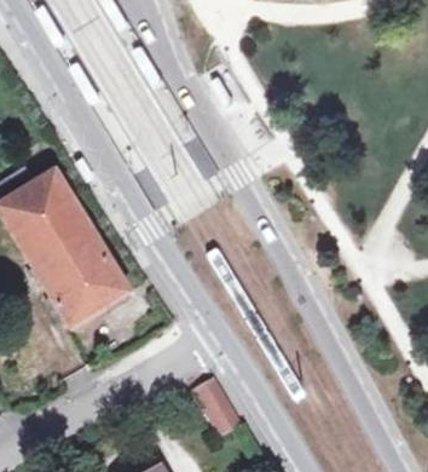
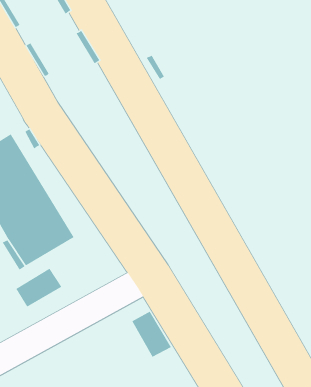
building: none -> [15,268,62,307]

